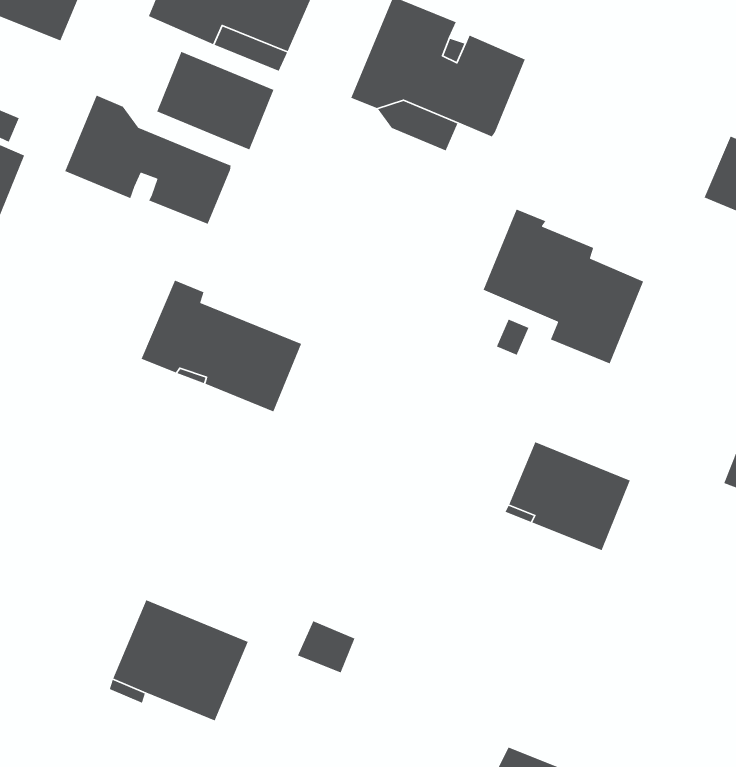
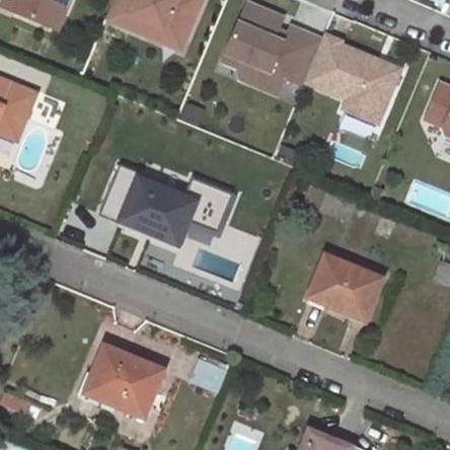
building: [156,51,274,150] -> none
building: [64,94,231,225] -> none
building: [482,208,644,365] -> [305,34,397,124]

